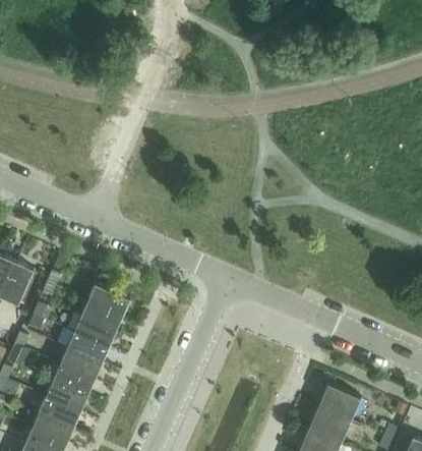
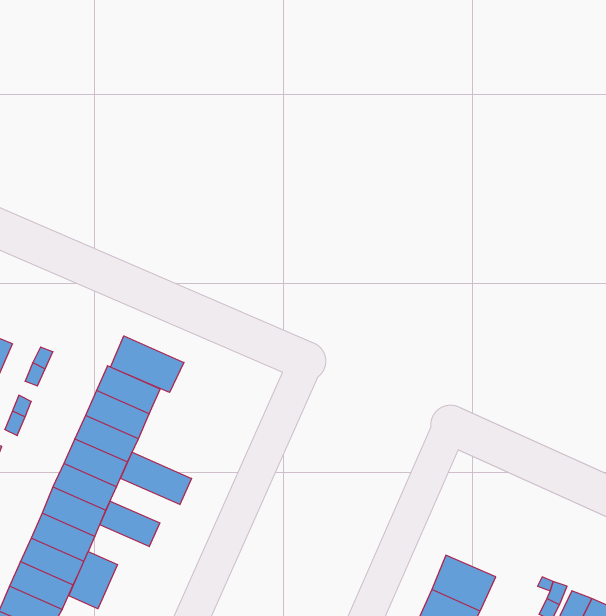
building: none -> [111,336,184,392]
building: none -> [120,452,192,505]
building: none -> [100,501,160,547]
building: [316,384,359,422] -> none
building: none -> [69,552,117,609]

